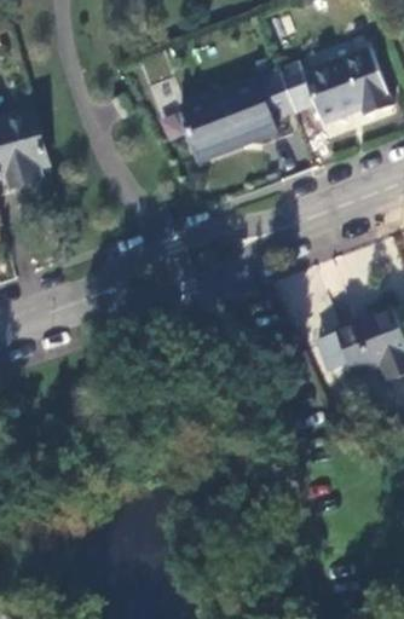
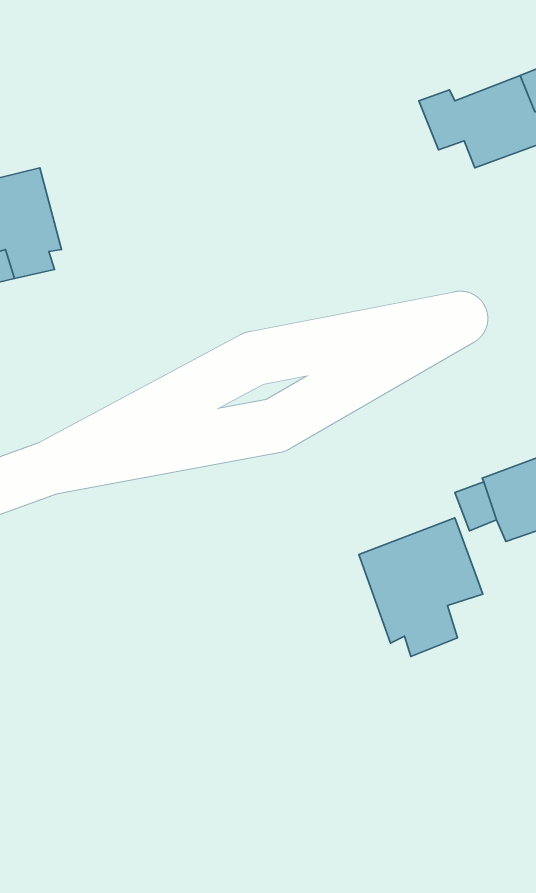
building: [186,75,298,154] -> none
building: none -> [359,518,483,656]

